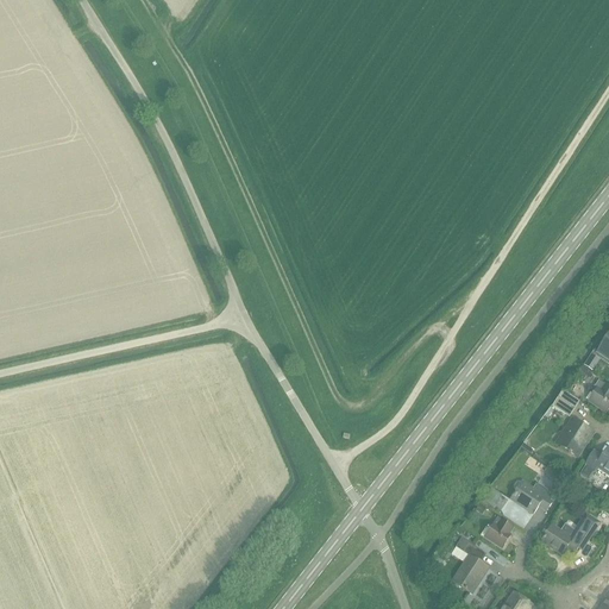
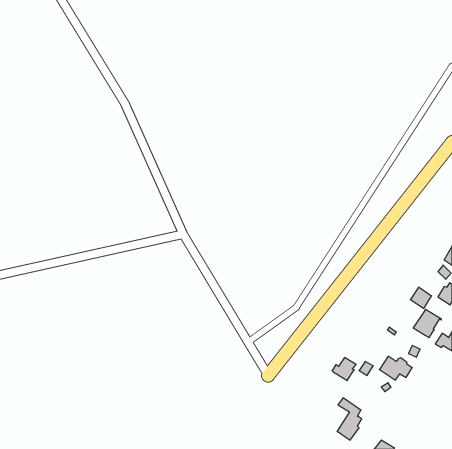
building: [540,513,599,552] -> none
building: [481,515,513,546] -> [332,358,356,381]

